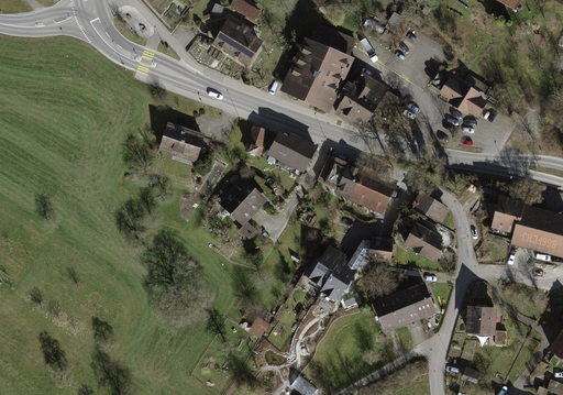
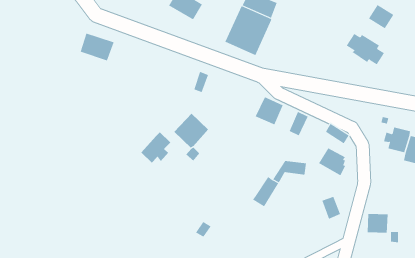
building: none -> [368,4,394,29]
building: [335,75,385,129] -> none
building: [159,124,203,161] -> [80,33,115,61]
building: [269,135,314,171] -> none
building: [350,171,378,204] -> none
building: none -> [141,132,171,163]
building: [309,249,343,287] -> none
building: [375,292,418,328] -> none

